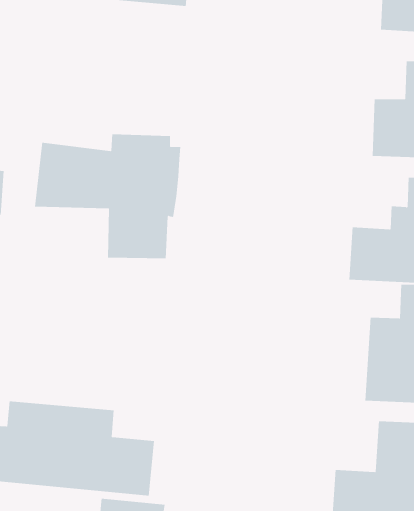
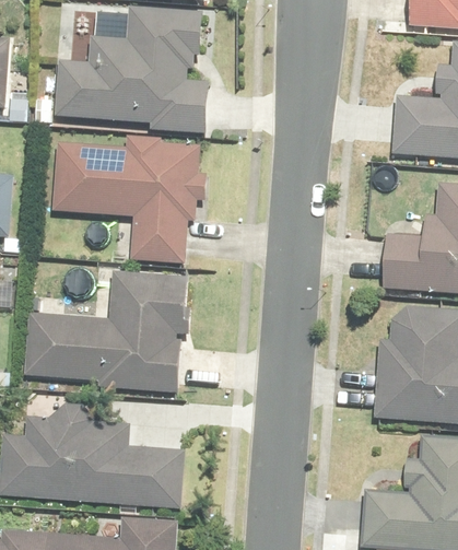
building: none -> [42,11,197,142]
building: none -> [13,277,177,391]

